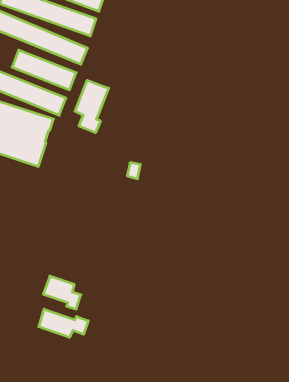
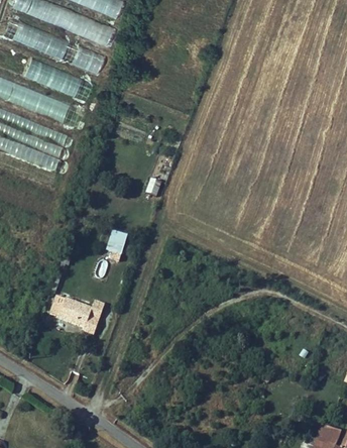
building: [75,80,109,133] -> none
building: none -> [106,227,128,253]
building: [39,309,88,337] -> none

